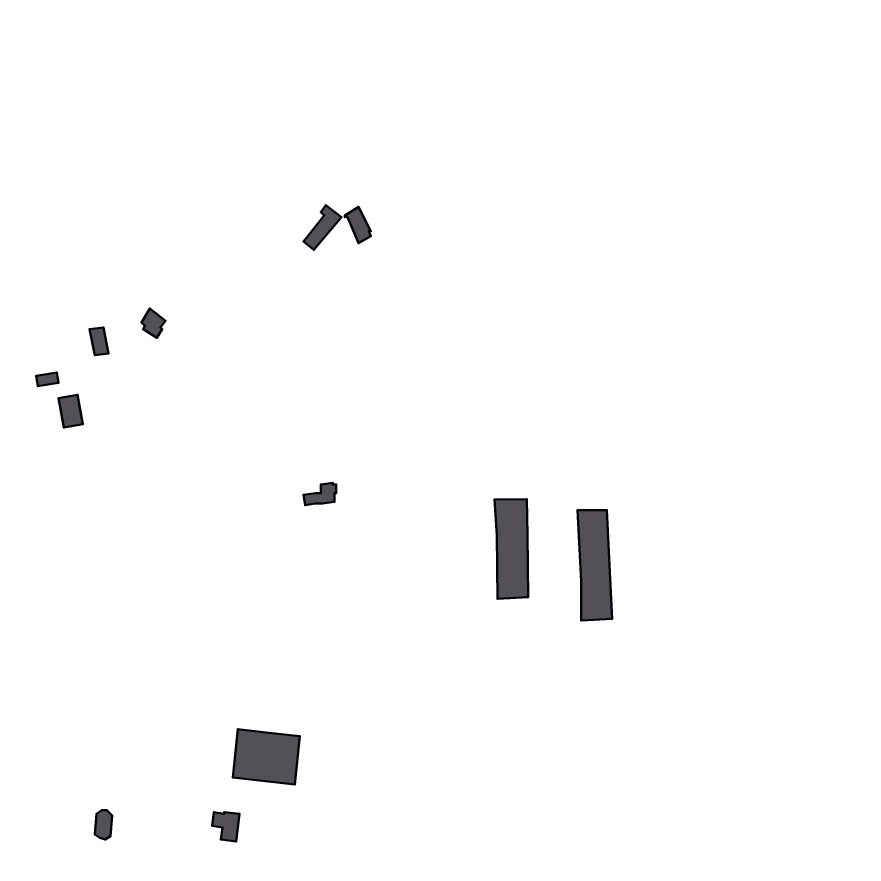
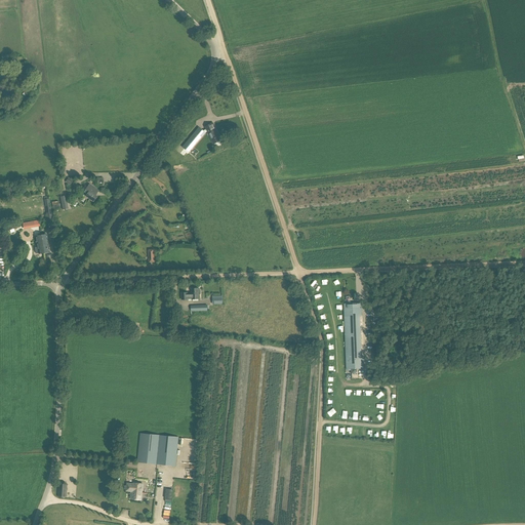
building: [494,499,528,599] -> none

